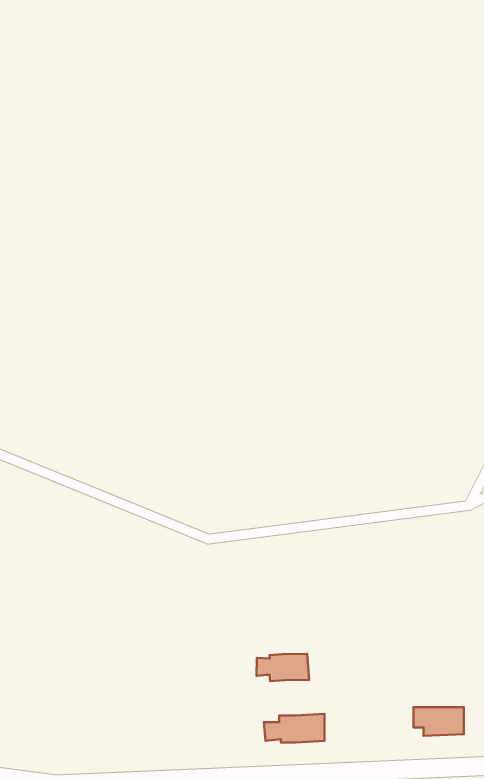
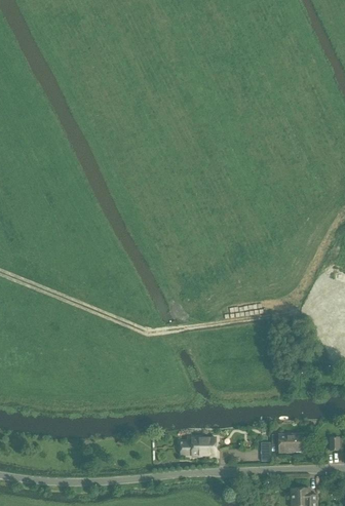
building: [257,654,309,681] -> none

